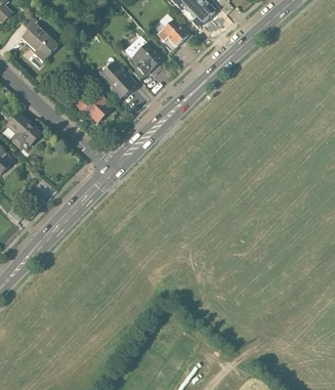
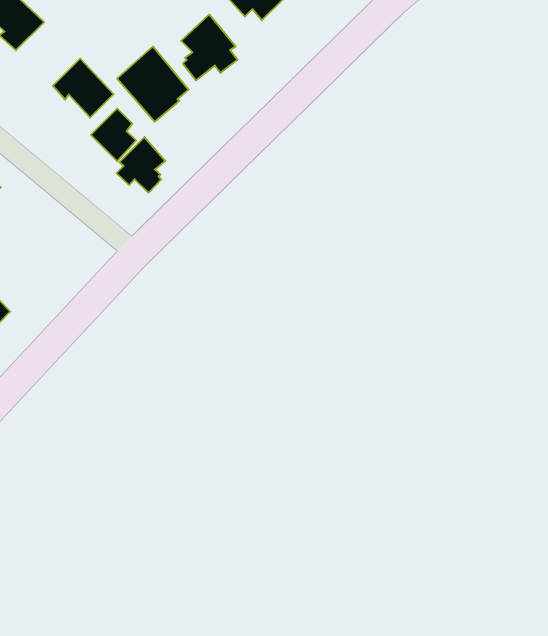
building: none -> [53,59,114,118]
building: none -> [117,137,165,193]

